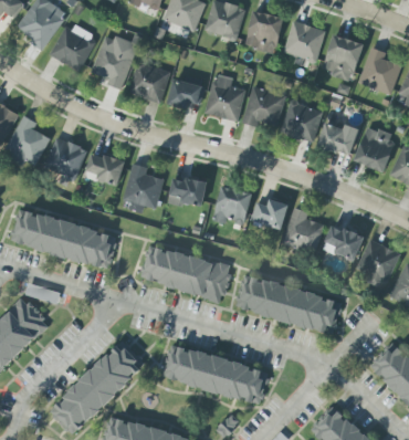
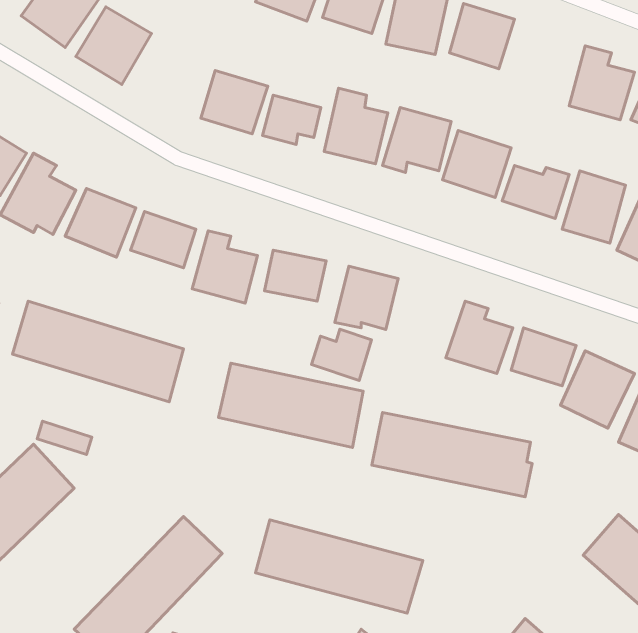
building: [321,33,364,81] -> none
building: [91,35,138,90] -> none
building: [251,198,289,230] -> [312,329,371,380]

